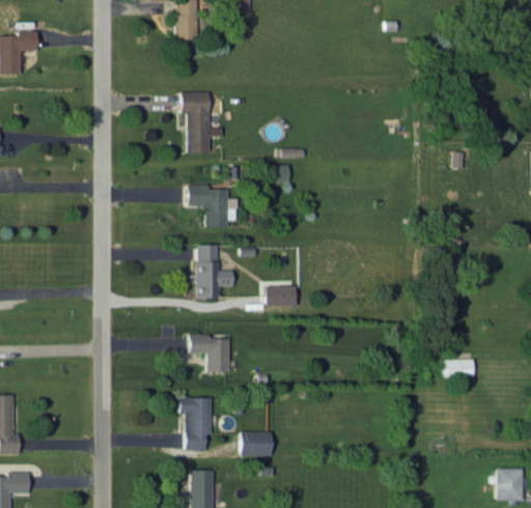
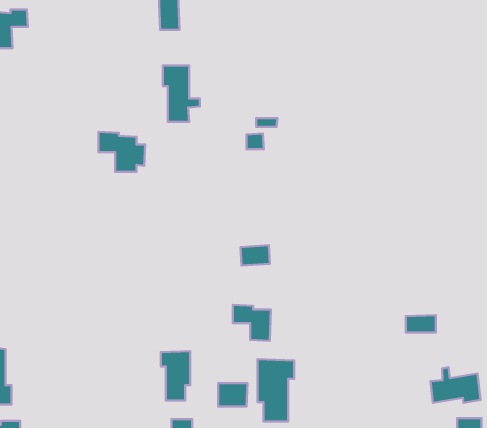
building: [187,185,236,227] -> [99,132,145,172]
building: [196,245,232,299] -> none
building: [189,334,229,372] -> [233,305,271,341]
building: none -> [257,359,294,422]
building: none -> [430,367,480,403]

